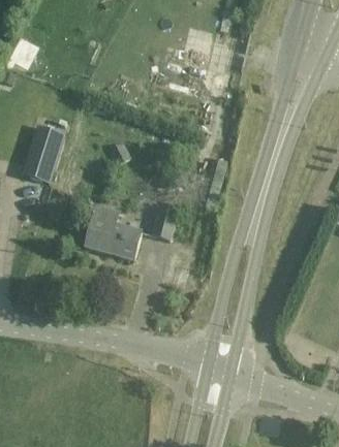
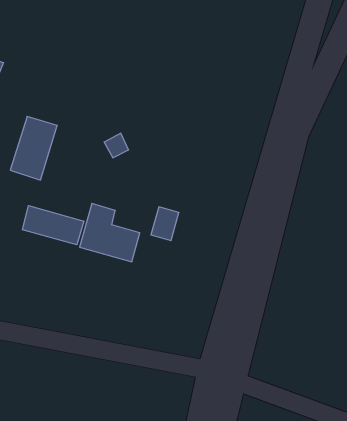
building: none -> [23,206,84,245]

